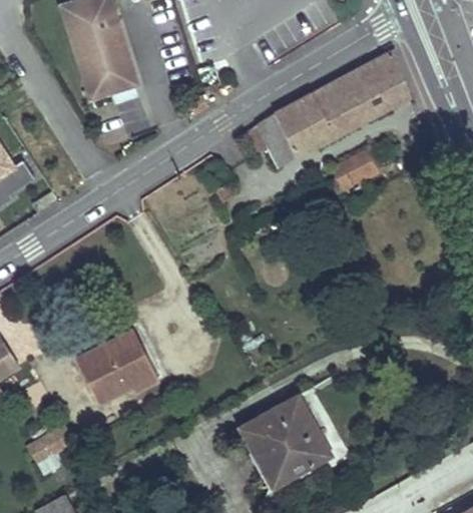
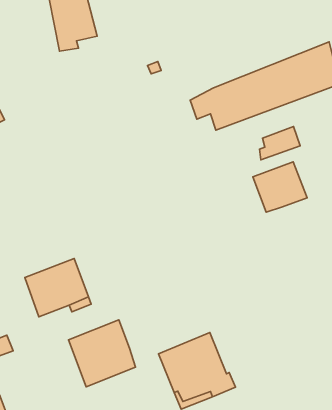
building: none -> [253,162,307,212]
building: none -> [68,320,136,387]

